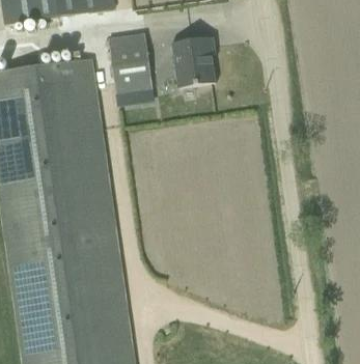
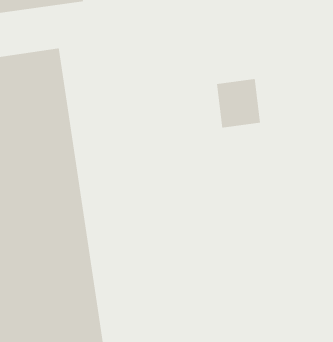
building: [119,35,161,96] -> none
building: [172,37,216,86] -> [216,79,261,128]

